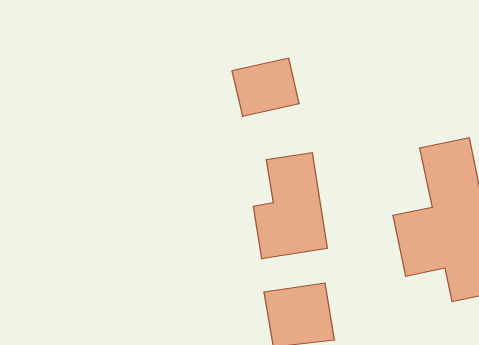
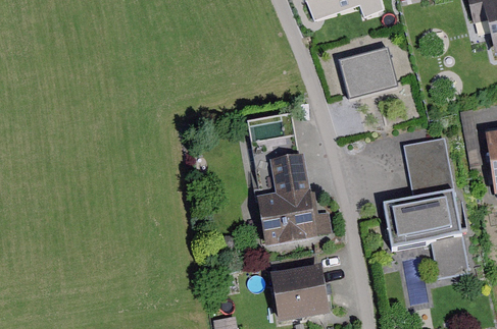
building: [232,58,299,116] -> [340,47,399,98]

